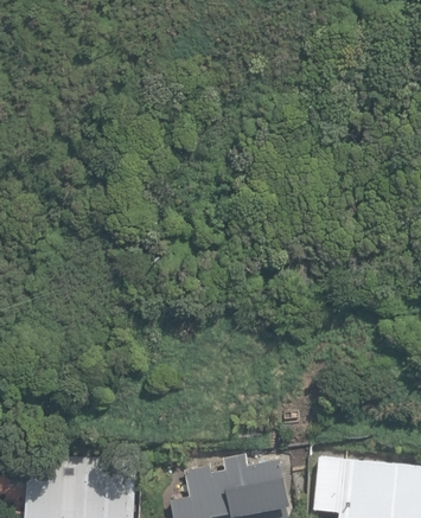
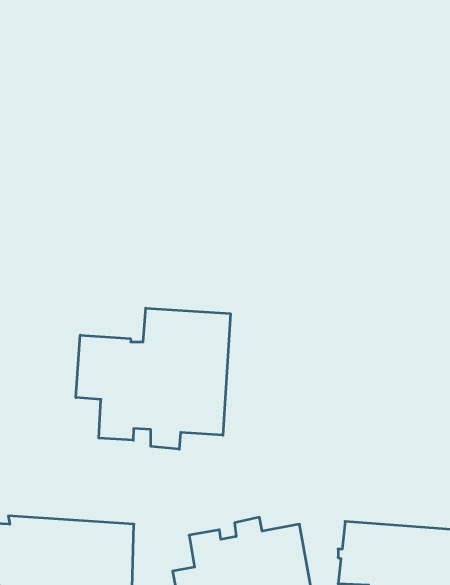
building: none -> [76,308,230,449]

